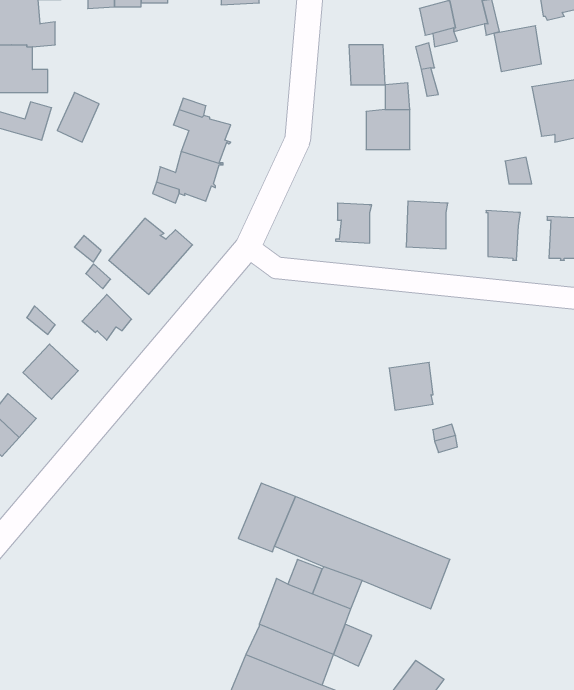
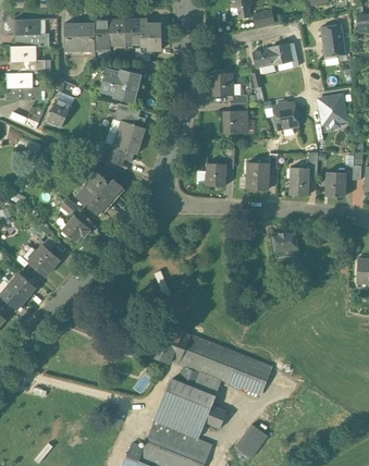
building: [494,26,541,72] -> [272,105,299,131]
building: none -> [101,69,140,101]
building: [389,362,433,410] -> [273,230,298,257]

